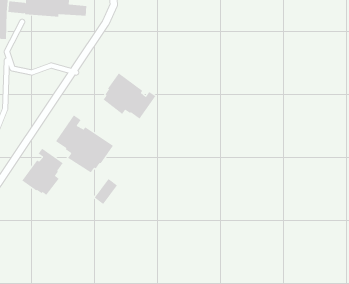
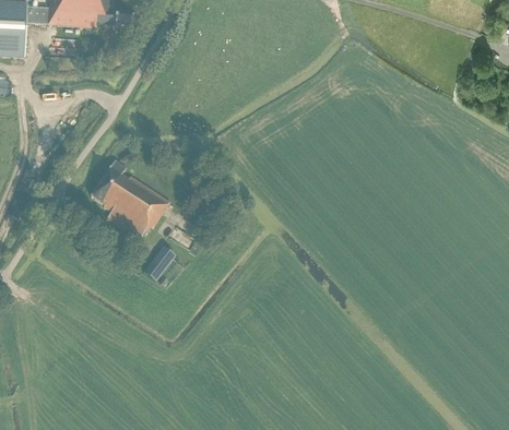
building: [103,73,156,119] -> none
building: [21,148,64,196] -> none

